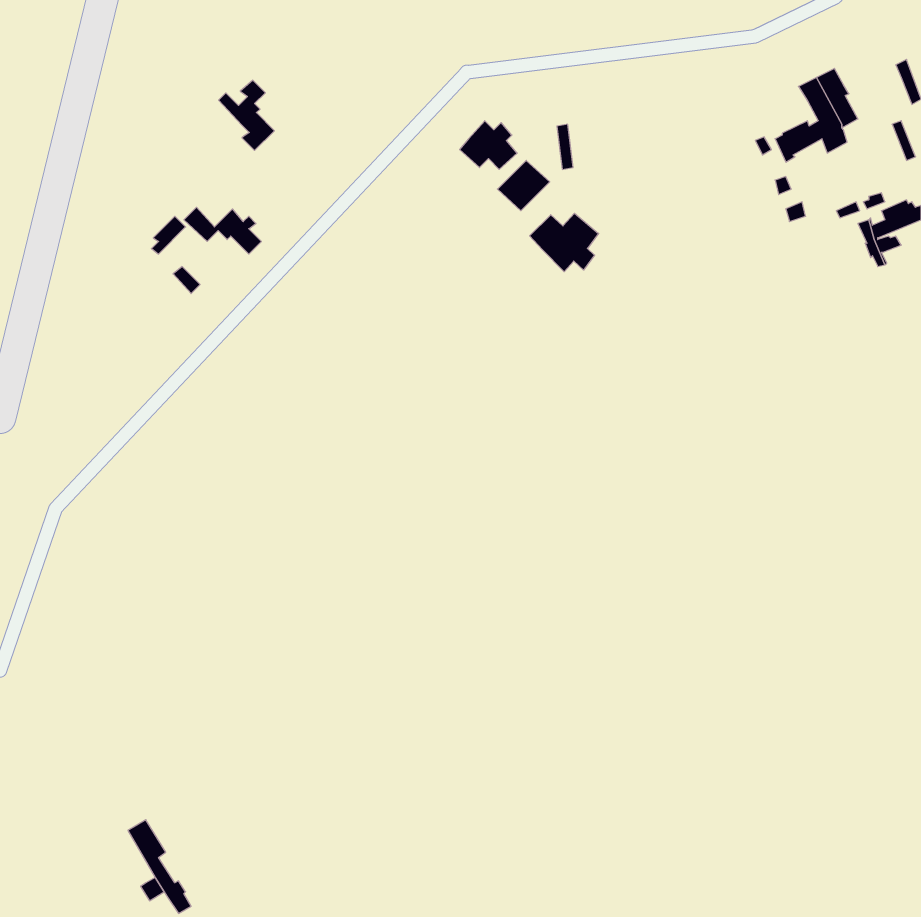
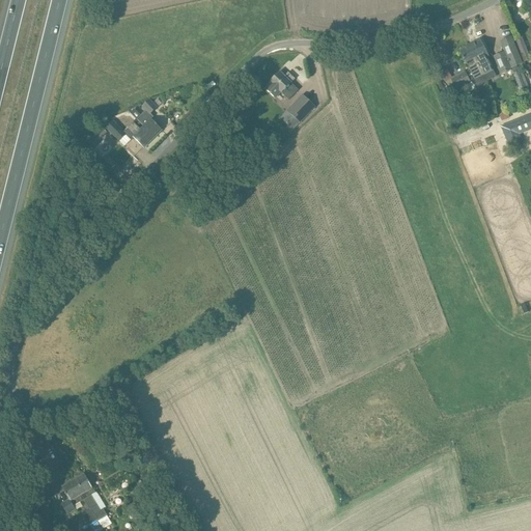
building: none -> [495,35,522,72]
building: [219,80,274,150] -> [130,99,162,139]
building: [530,213,599,272] -> none
building: none -> [62,478,85,512]

